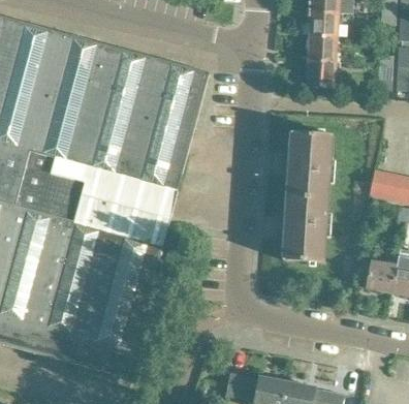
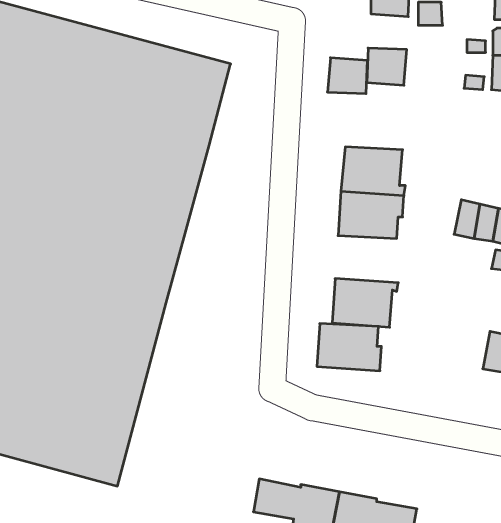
building: [308,36,337,62] -> [327,58,368,94]
building: [284,196,331,230] -> [317,324,381,371]
building: [366,260,396,292] -> none

